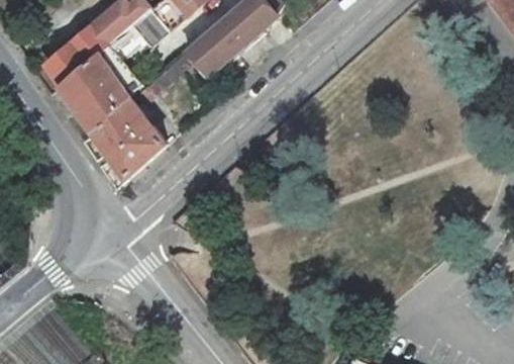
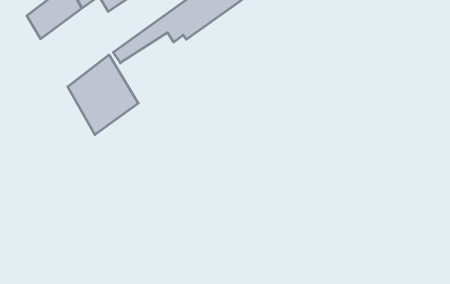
building: [59,52,130,133] -> none

